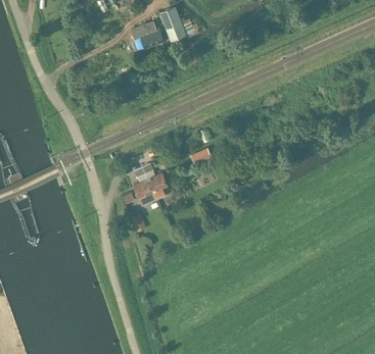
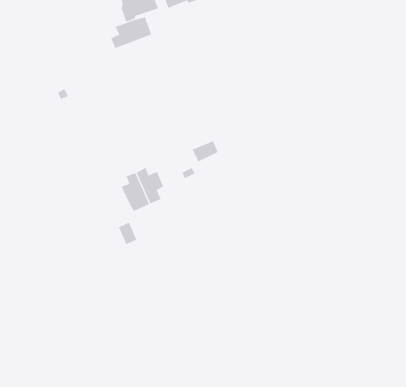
building: none -> [110,16,152,49]

